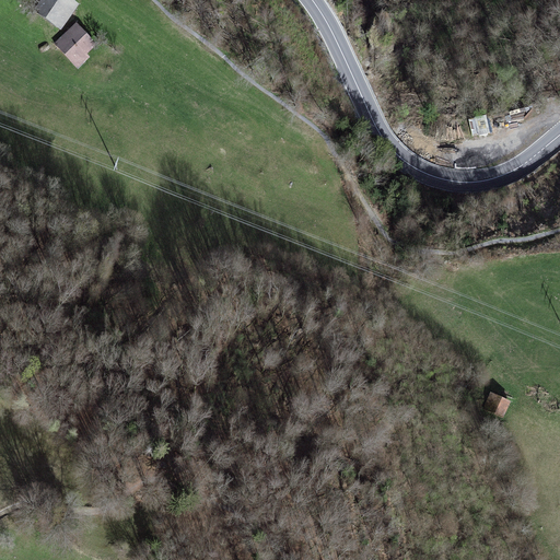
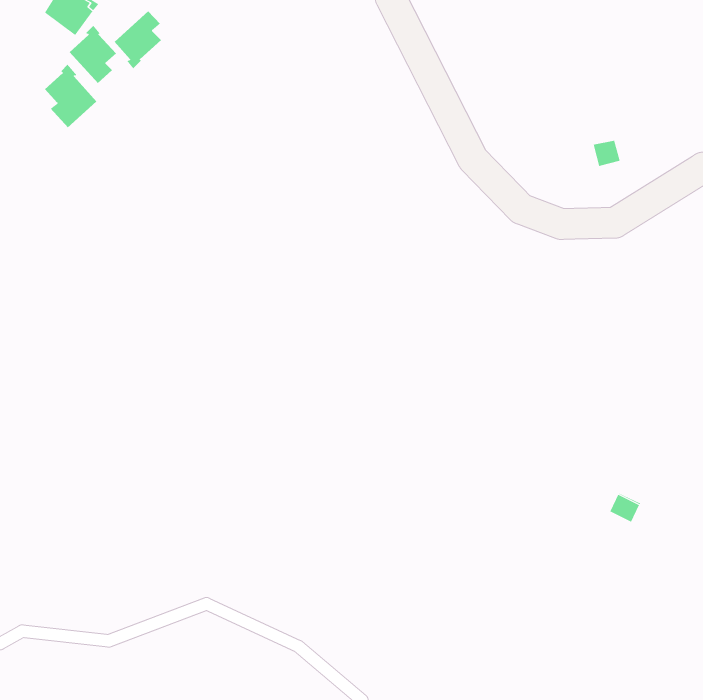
building: none -> [114,10,162,69]
building: none -> [44,64,97,128]

